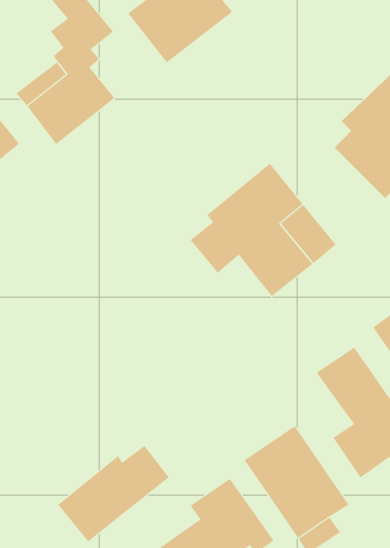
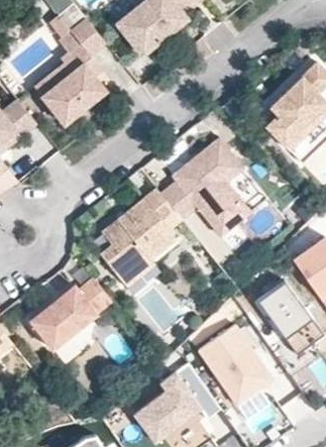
building: none -> [99,188,181,286]
building: [58,445,170,542] -> [29,277,111,348]

